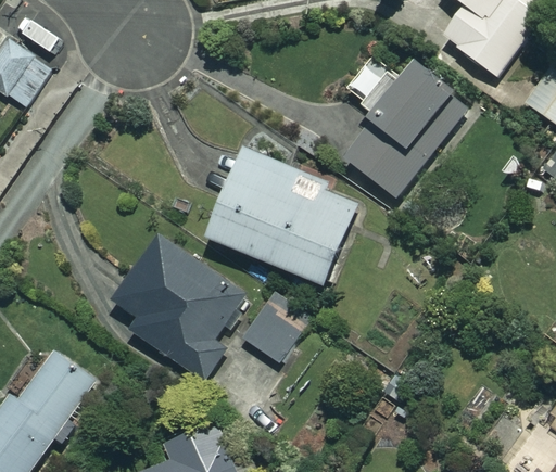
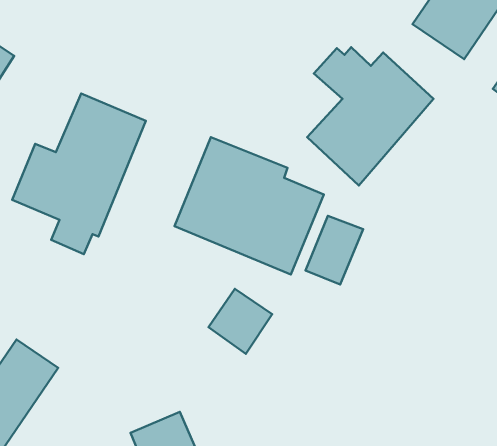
building: none -> [12,94,146,254]
building: none -> [306,216,363,285]
building: [114,234,244,381] -> none

